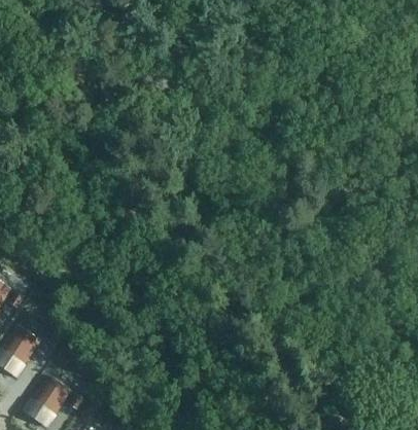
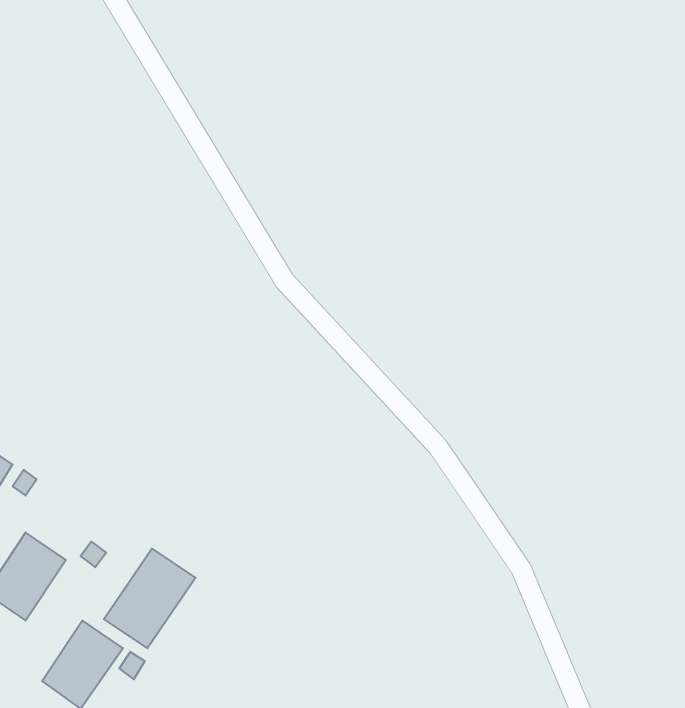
building: none -> [104,549,196,648]

